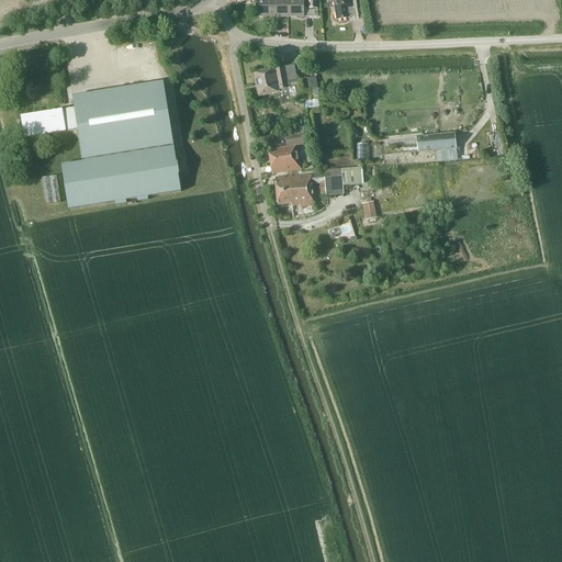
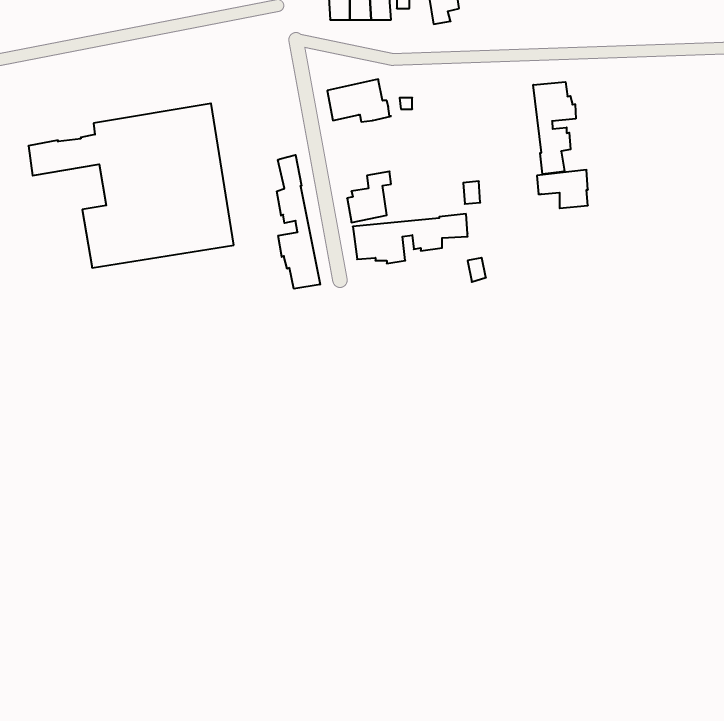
building: none -> [533,82,576,174]
building: none -> [277,155,320,289]

